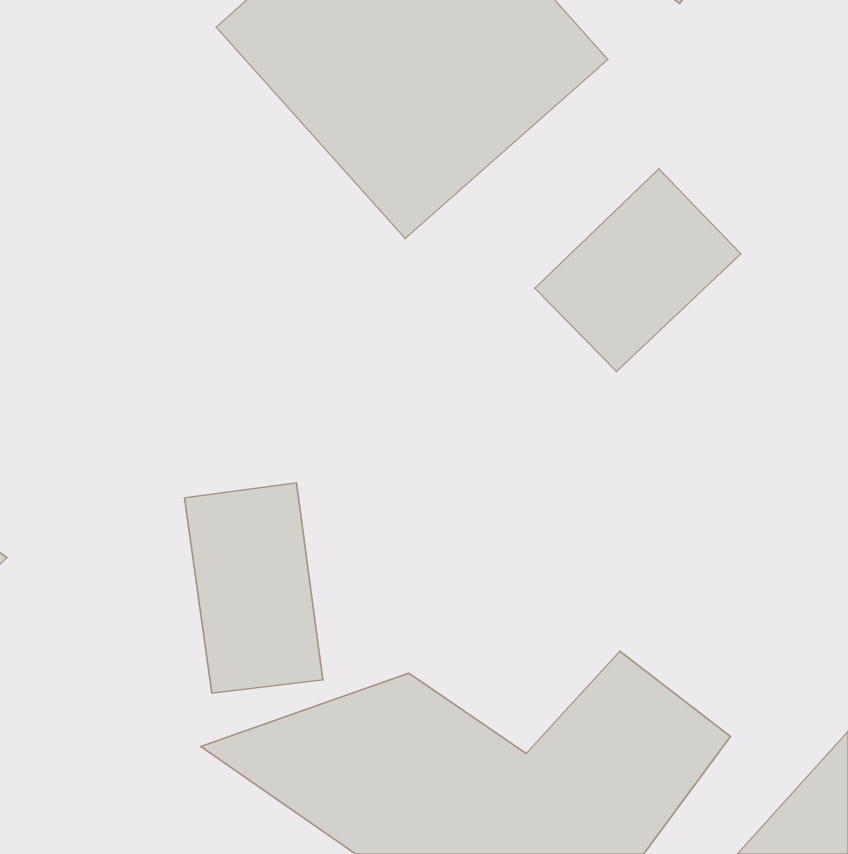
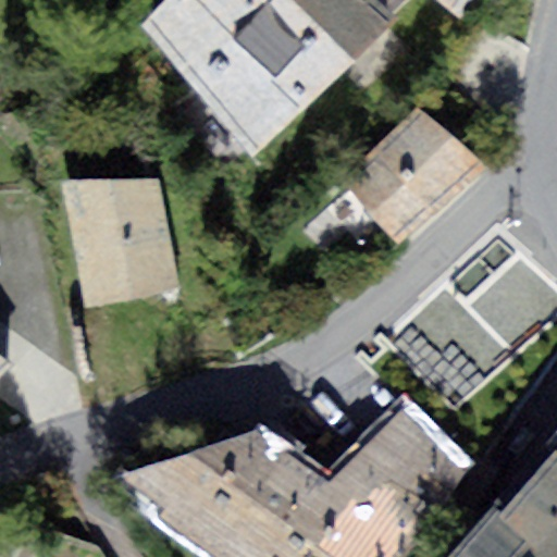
building: none -> [62,180,170,301]
building: [185,483,323,693] -> none

